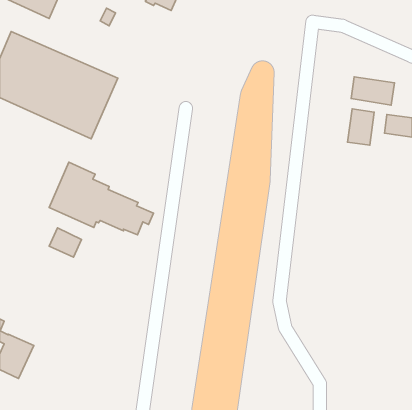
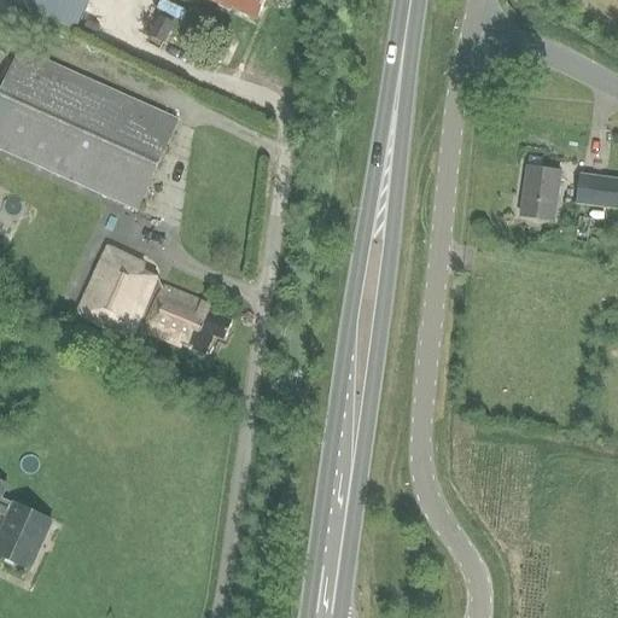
building: [351,77,395,105] -> none
building: [49,228,81,257] -> none

